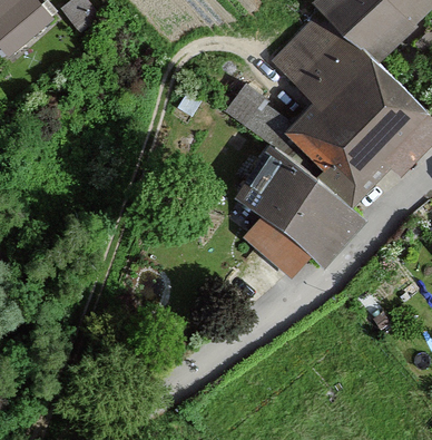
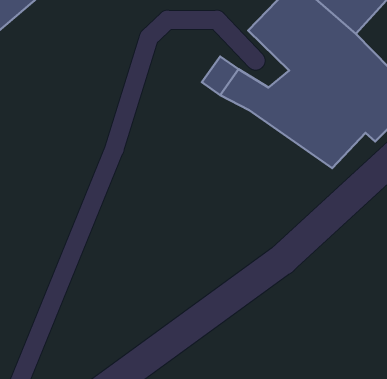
building: [233,143,371,278] -> none

